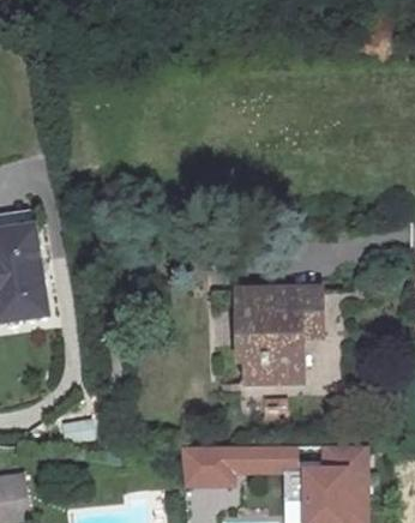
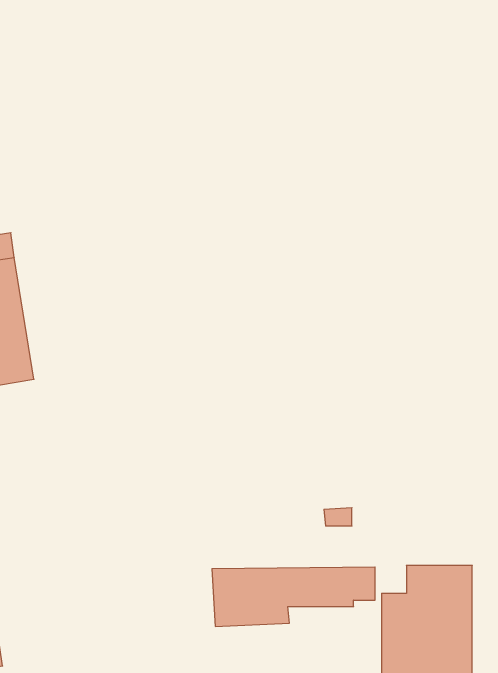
building: [234,289,318,381] -> none

